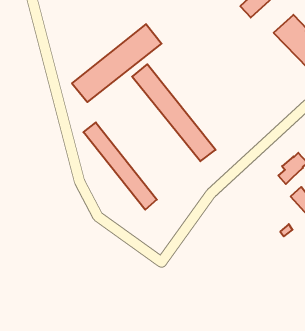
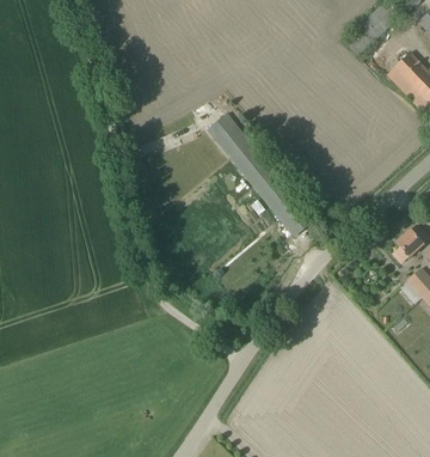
building: [72,24,162,102] -> none
building: [83,122,157,210] -> none

